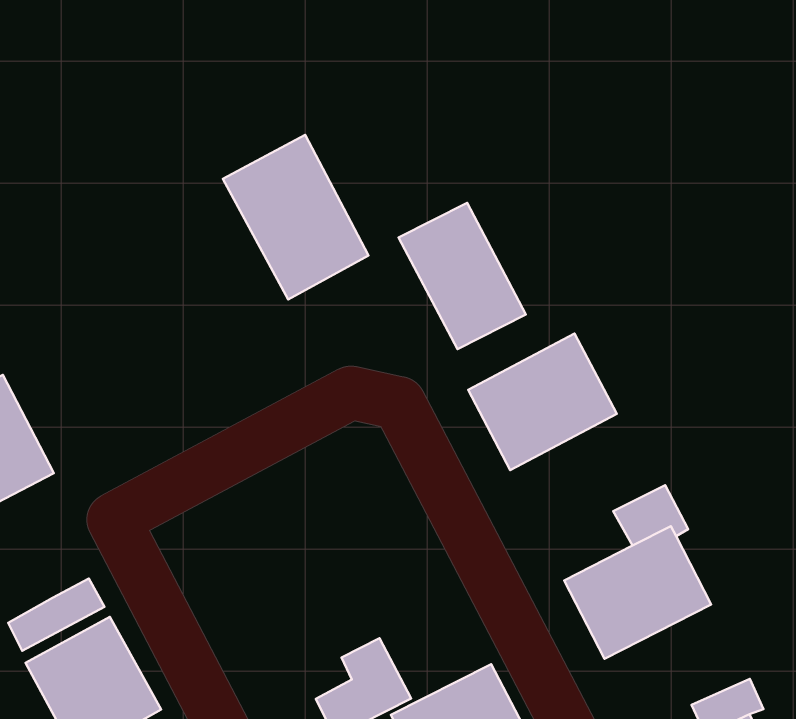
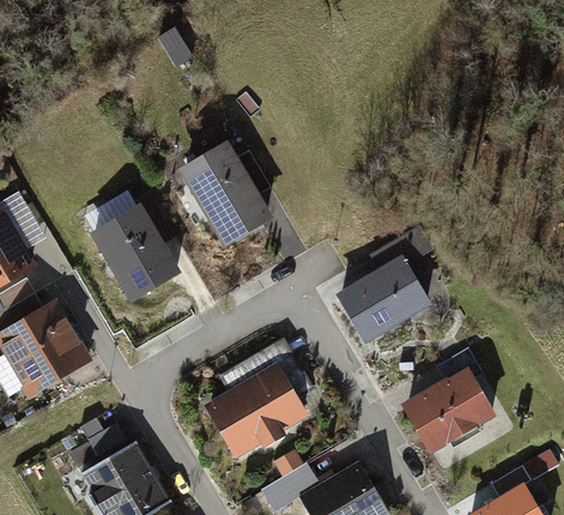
building: [399,203,526,349] -> none
building: none -> [87,211,170,302]
building: none -> [207,362,308,455]

